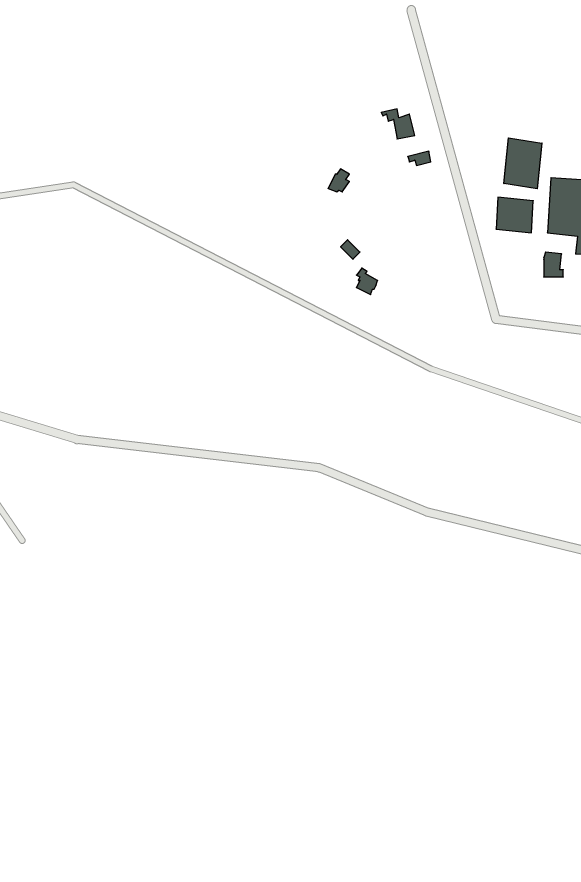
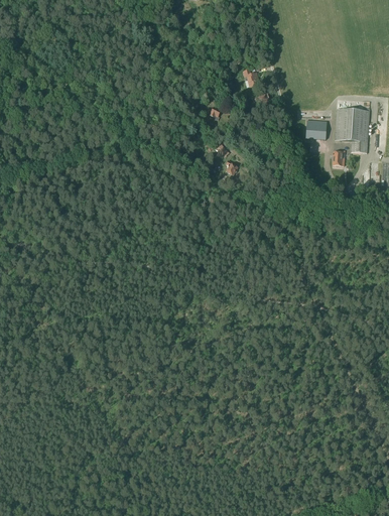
building: [504,138,542,189] -> none

